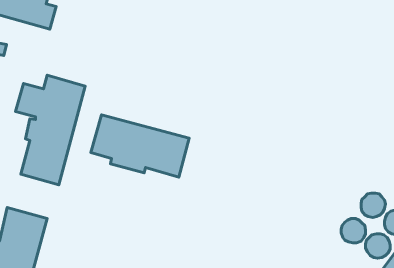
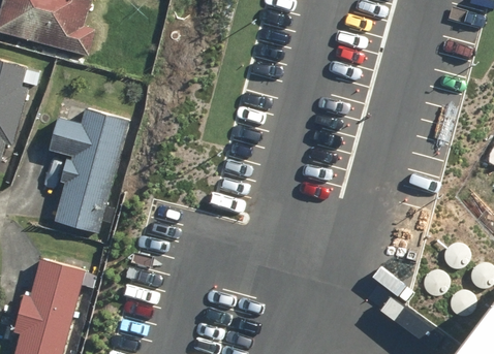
building: [91,115,189,177] -> none

